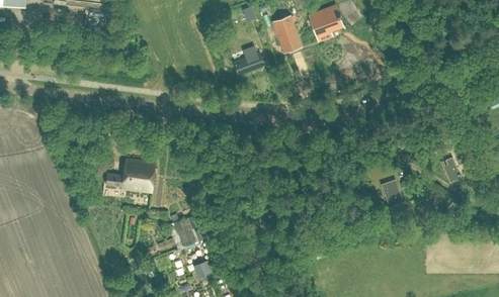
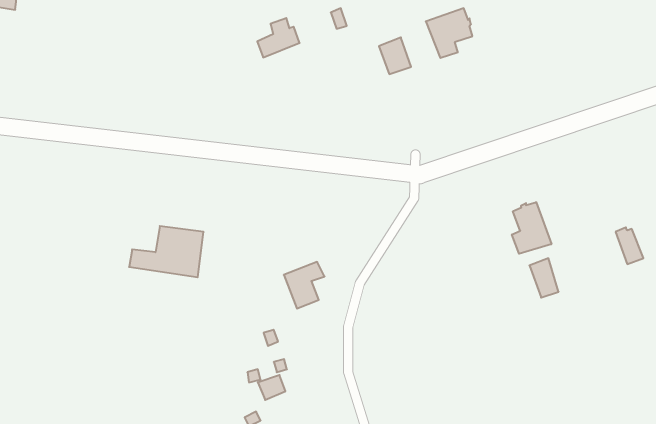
building: [235,47,264,75] -> [257,18,300,57]
building: none -> [512,202,551,254]
building: [173,215,201,247] -> [284,262,325,309]

